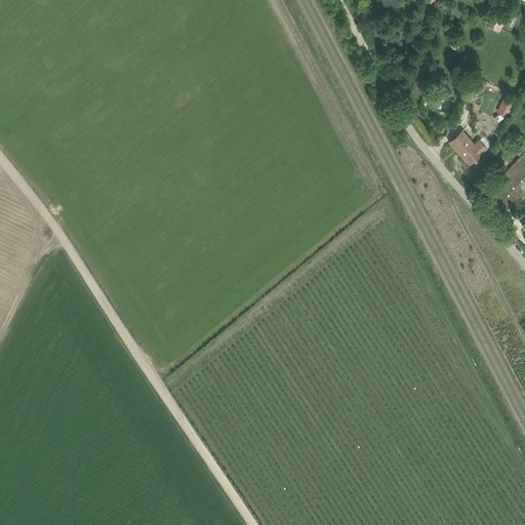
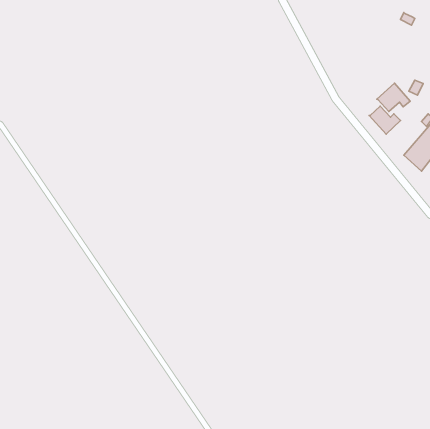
building: none -> [377,83,410,112]

